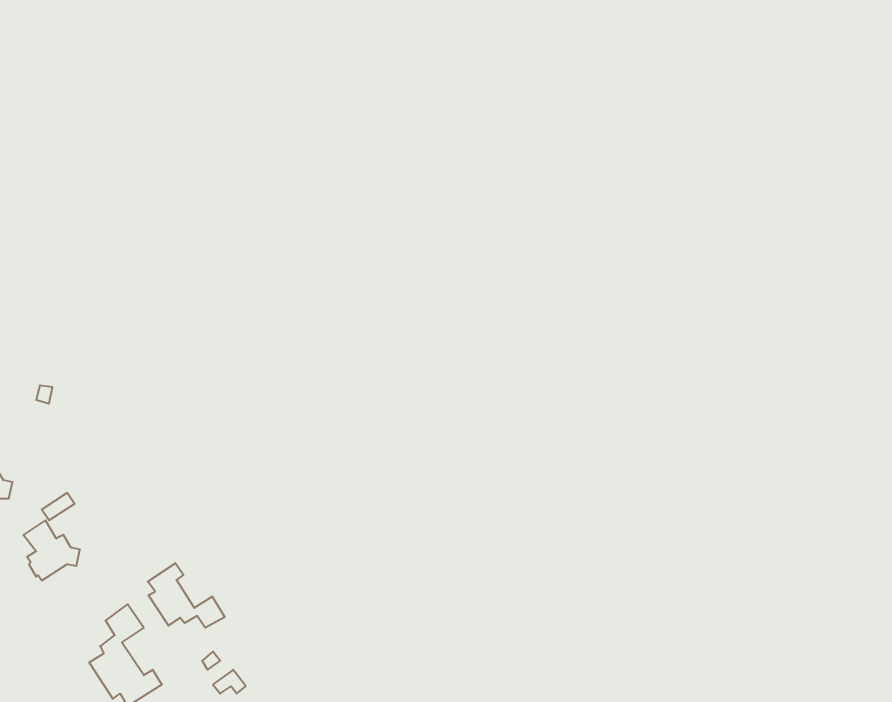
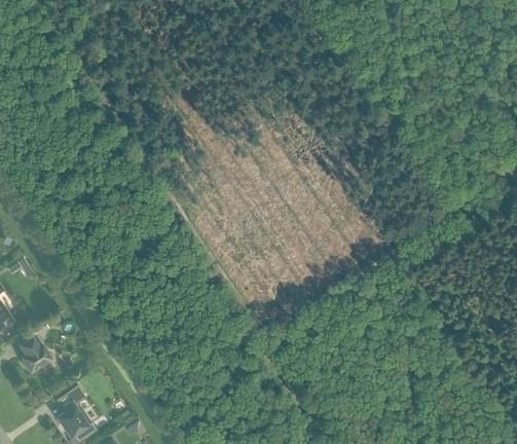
building: [148,563,225,628] -> none

